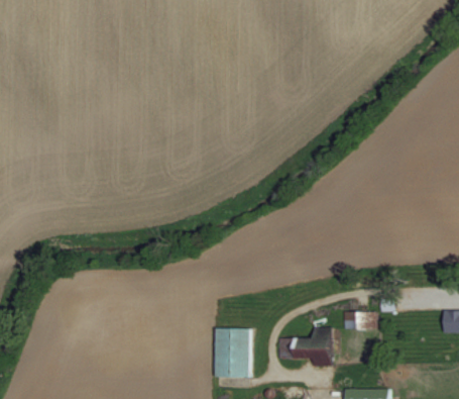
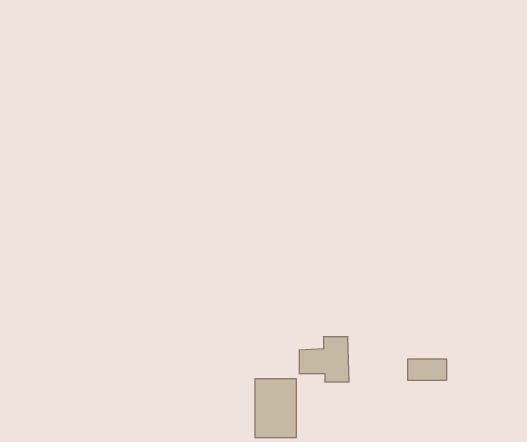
building: [292,328,333,366] -> [299,337,349,382]

